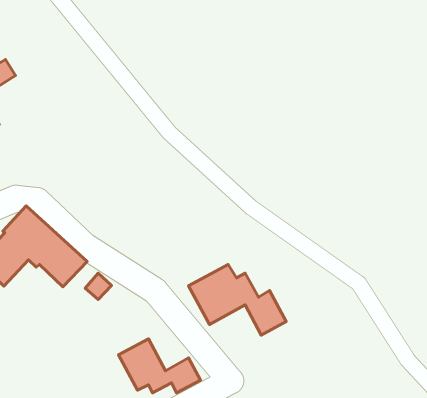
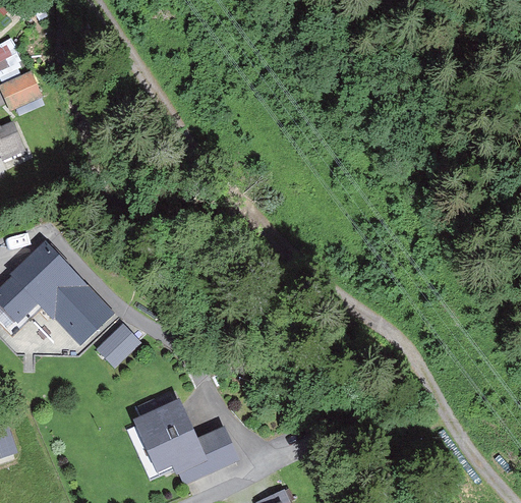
building: [189,264,286,335] -> none

